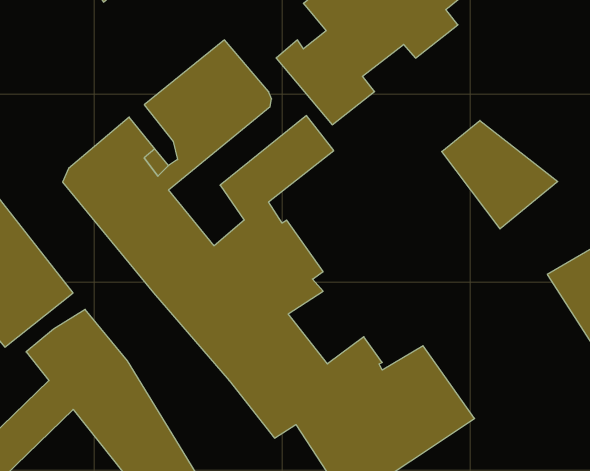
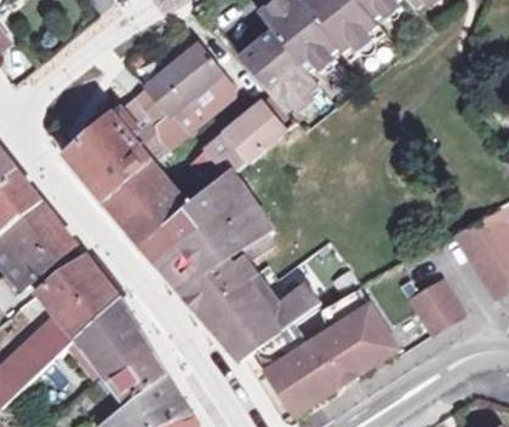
building: [442,120,558,229] -> none
building: none -> [411,276,465,331]

